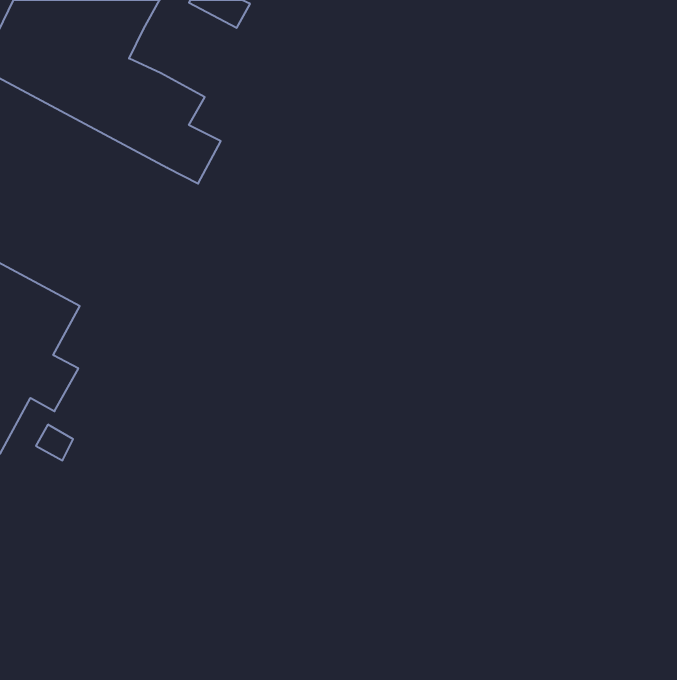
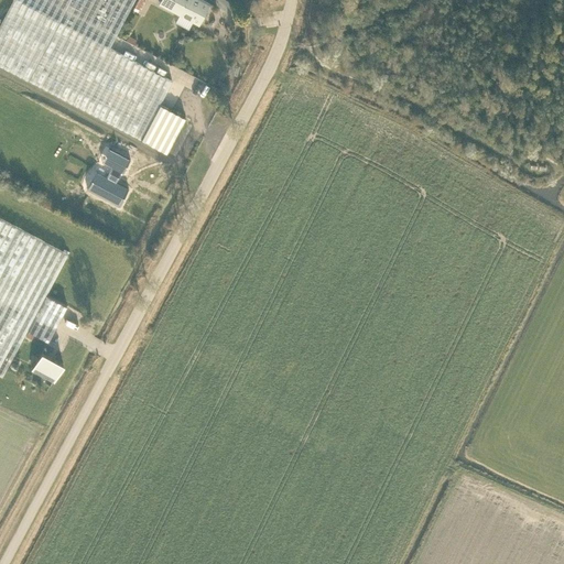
building: none -> [85,148,128,206]

